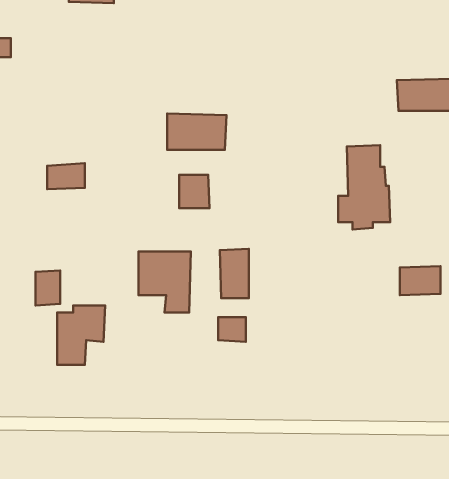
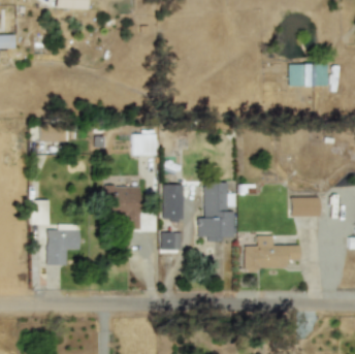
building: [167,113,226,150] -> none
building: [338,145,390,229] -> [198,182,235,242]
building: none -> [246,235,300,269]

